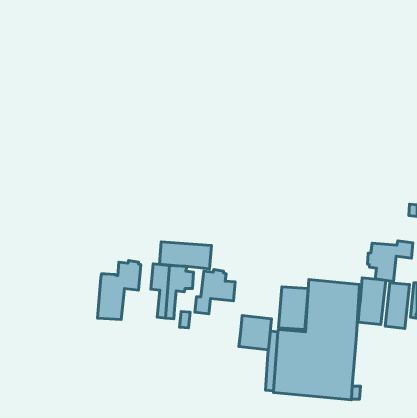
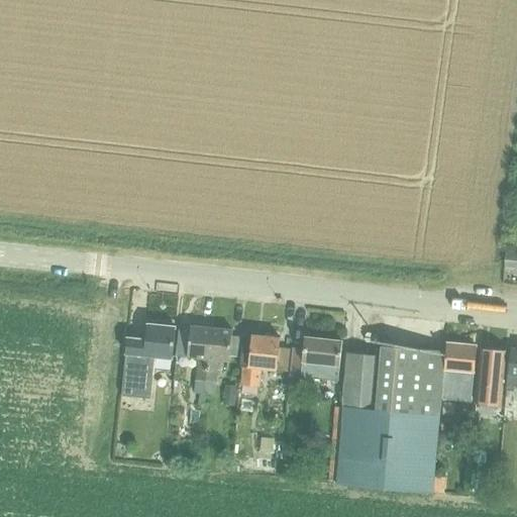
building: [368,241,413,281] -> none
building: [160,242,211,269] -> none
building: [239,315,272,350] -> [300,337,340,380]

